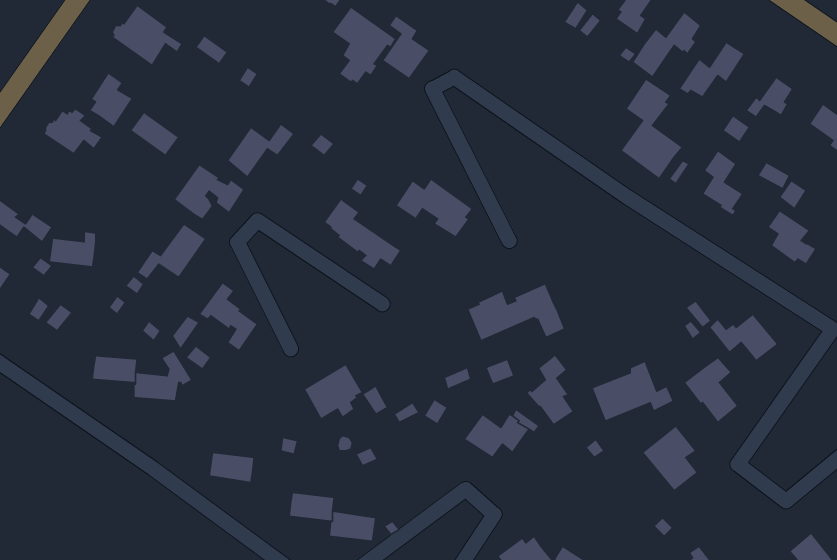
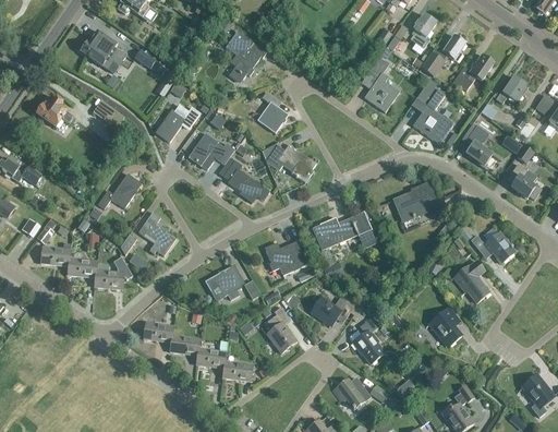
building: [383,16,429,79] -> [257,91,288,132]
building: none -> [364,59,400,111]
building: [89,73,132,127] -> none
building: [174,164,244,220] -> [189,132,234,168]
building: [49,232,96,267] -> [40,242,71,265]
building: none -> [265,240,308,274]
building: [527,355,574,425] -> [352,316,383,362]
building: [592,361,673,421] -> [393,181,447,220]
building: none -> [267,307,296,352]
building: none -> [170,335,199,353]

